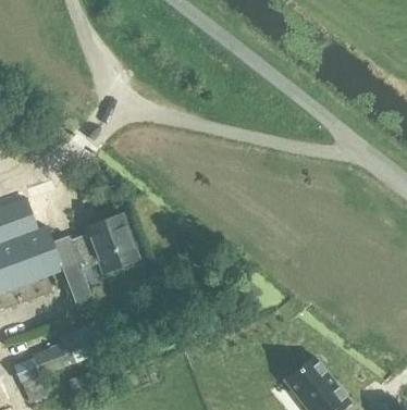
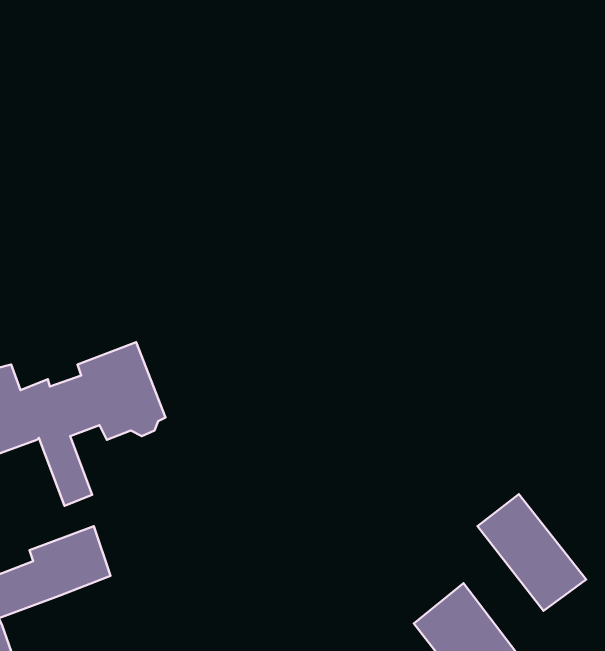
building: none -> [478,494,586,611]

